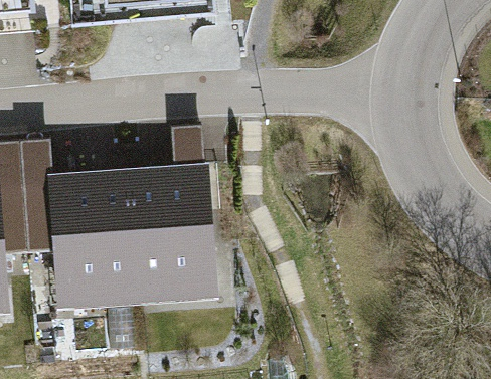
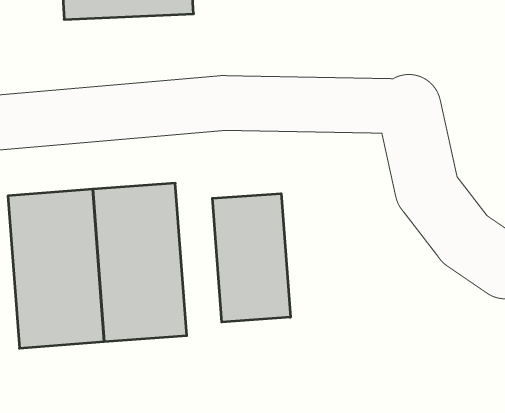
building: none -> [212,194,290,322]

